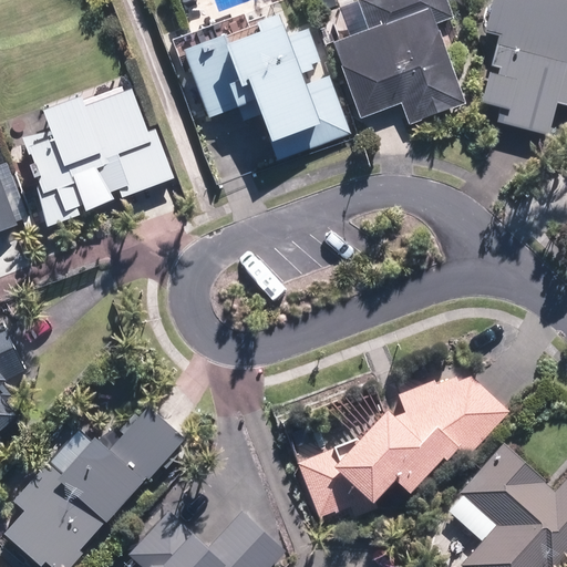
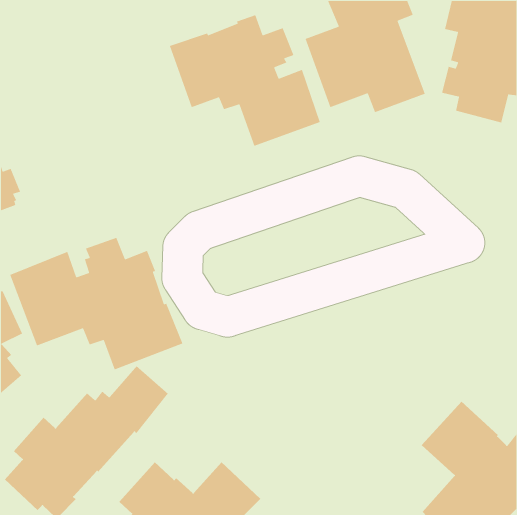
building: [22,92,175,229] -> none
building: none -> [9,237,183,370]
building: [298,373,511,514] -> none

